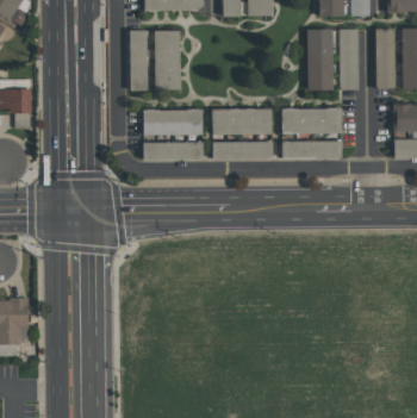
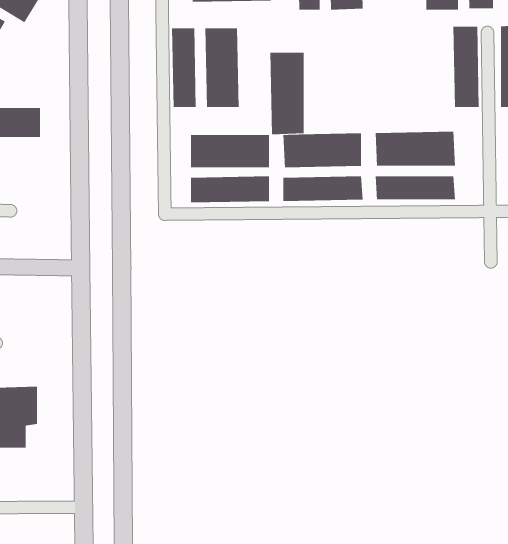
building: [306,29,332,91] -> [270,52,305,135]

